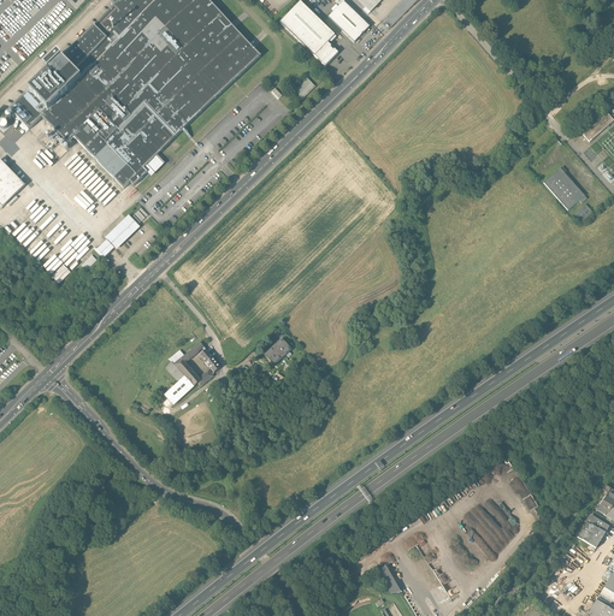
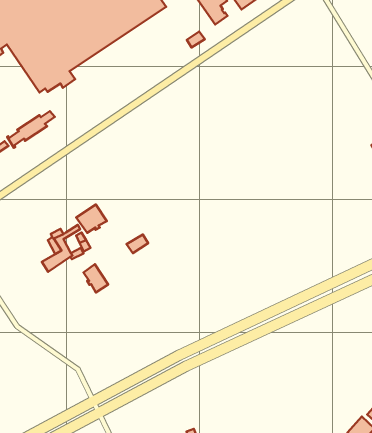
building: none -> [76,204,107,233]
building: none -> [83,264,108,293]

